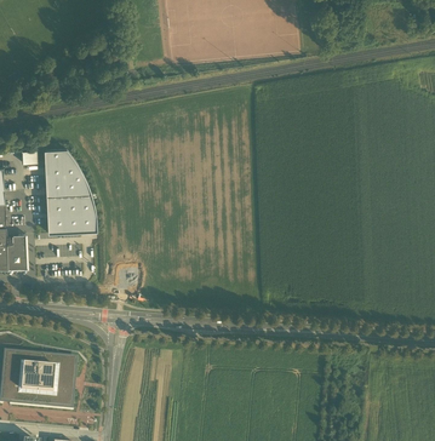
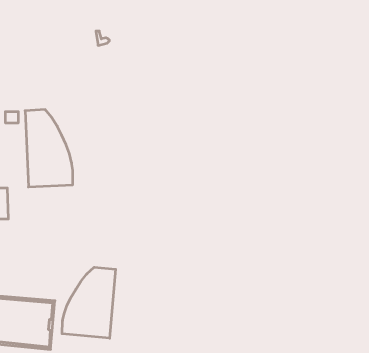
building: none -> [62,267,116,338]

